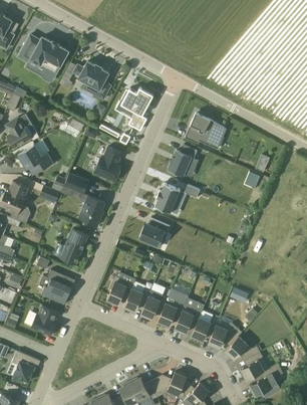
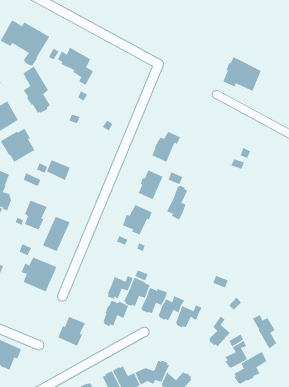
building: none -> [23,66,50,113]
building: [120,87,152,131] -> none
building: [184,114,224,149] -> [221,57,261,92]
building: [93,147,121,181] -> none
building: [81,196,104,226] -> [24,200,47,230]
building: none -> [167,185,188,221]
building: [106,277,132,305] -> [103,300,129,327]
building: [30,306,58,336] -> [57,316,86,347]
building: [208,322,236,348] -> none
building: none -> [252,314,277,349]

